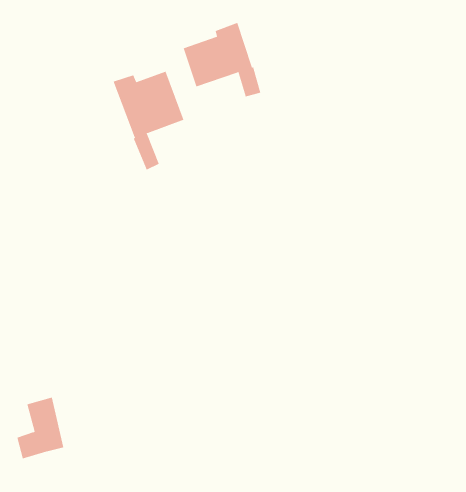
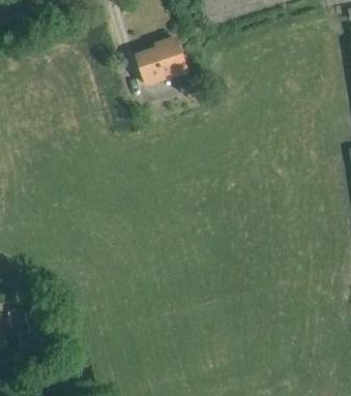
building: [113,71,184,171] -> none

